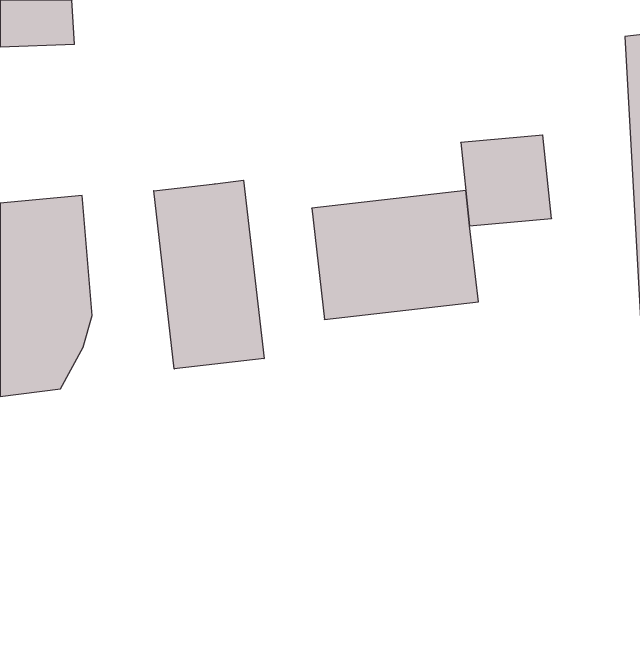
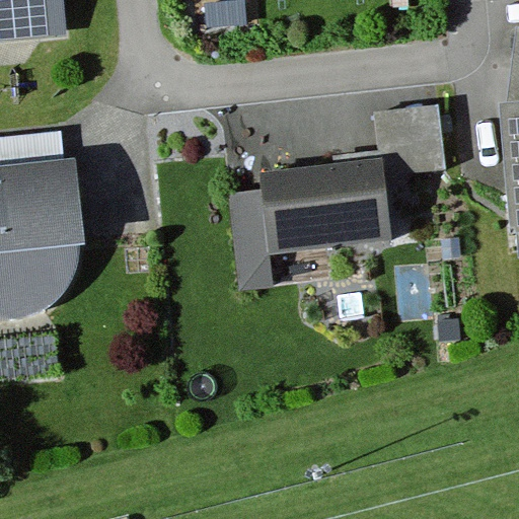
building: [154,180,264,369] -> none

